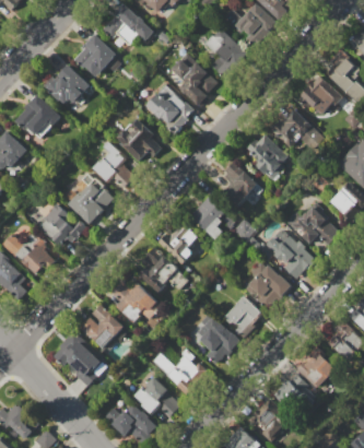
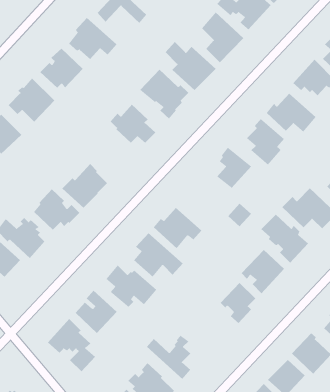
building: [92,141,138,188] -> none
building: [190,197,236,240] -> none
building: [200,316,240,366] -> none

